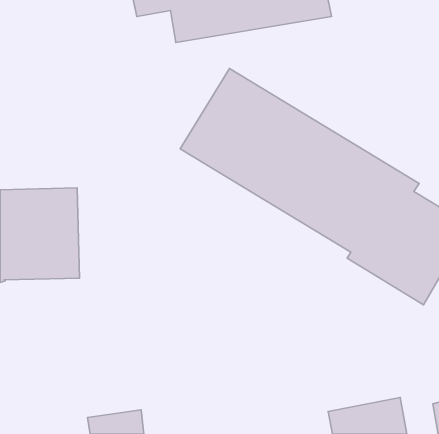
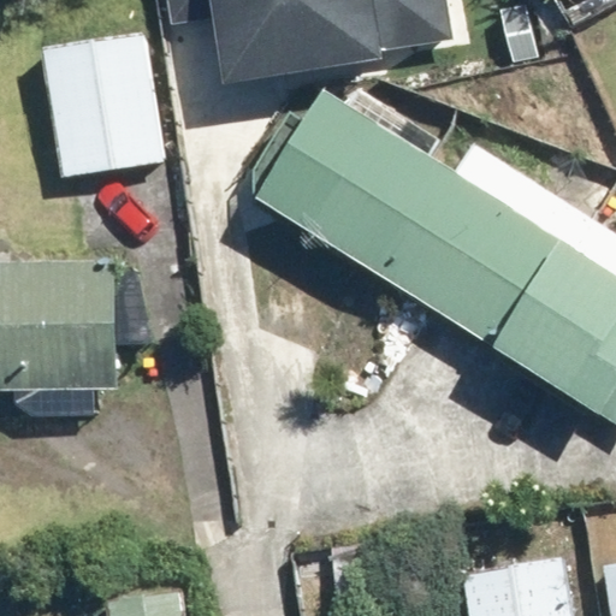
building: none -> [42,28,167,174]

